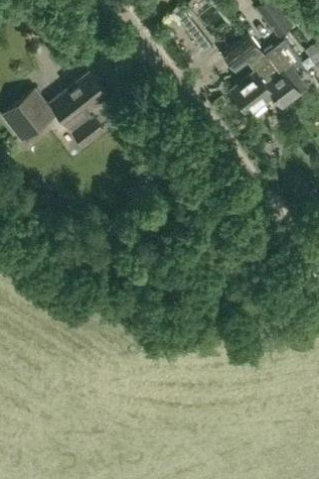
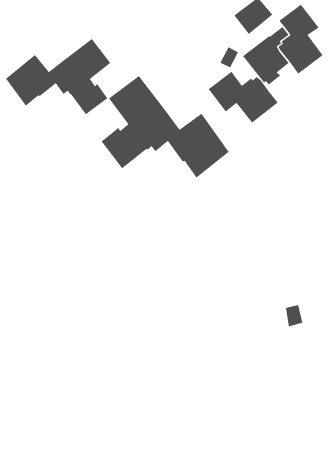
building: none -> [208,71,279,124]
building: none -> [101,75,230,179]

